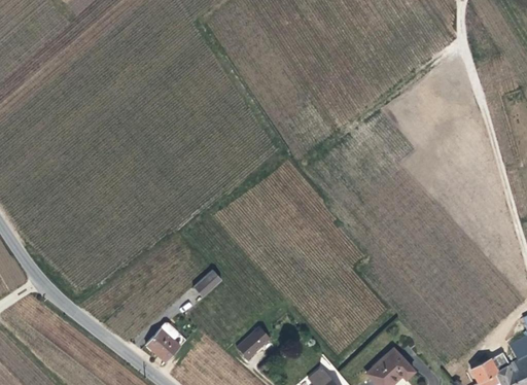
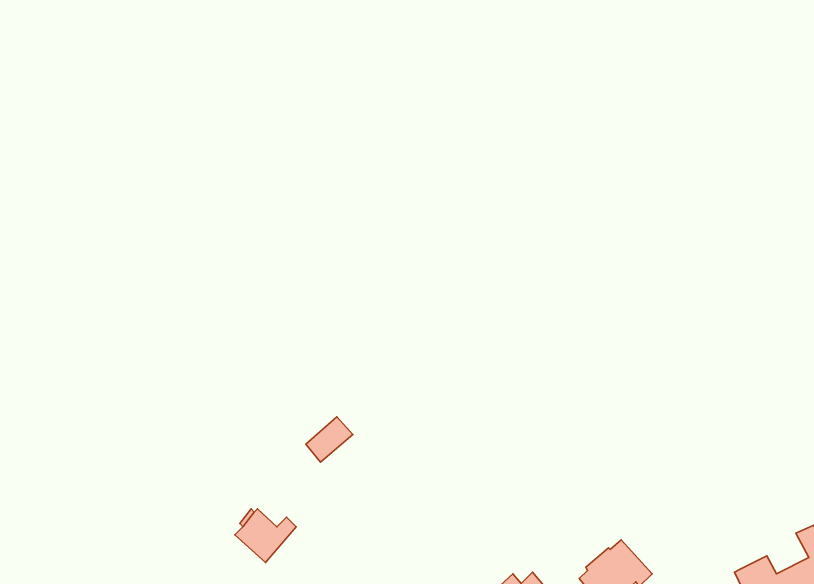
building: [240,327,273,360] -> none

